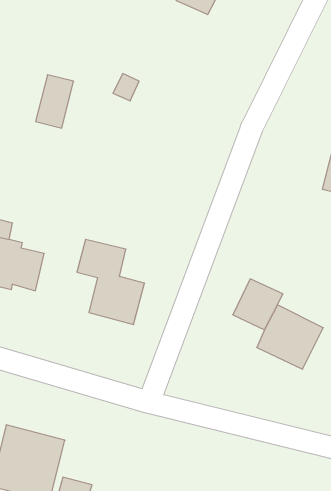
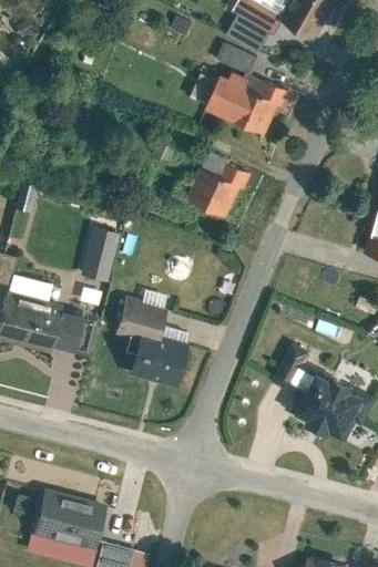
building: none -> [206,78,290,135]
building: [36,75,74,128] -> [81,228,120,282]
building: none -> [187,165,249,217]

